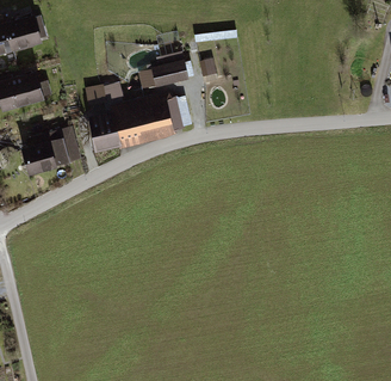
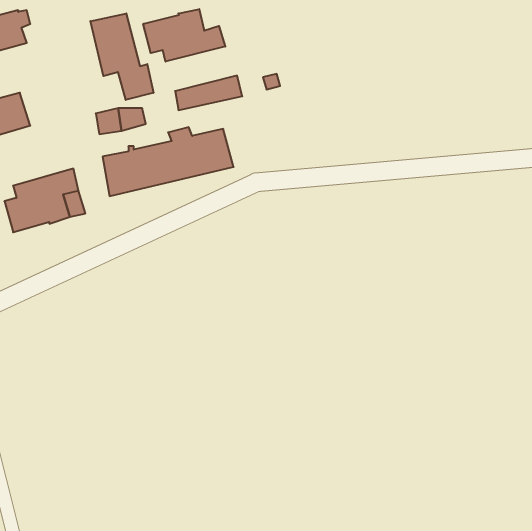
building: none -> [143,9,225,62]
building: none -> [90,13,153,100]

